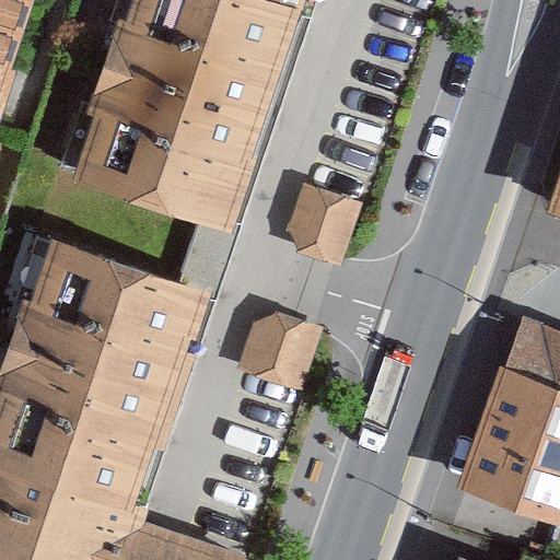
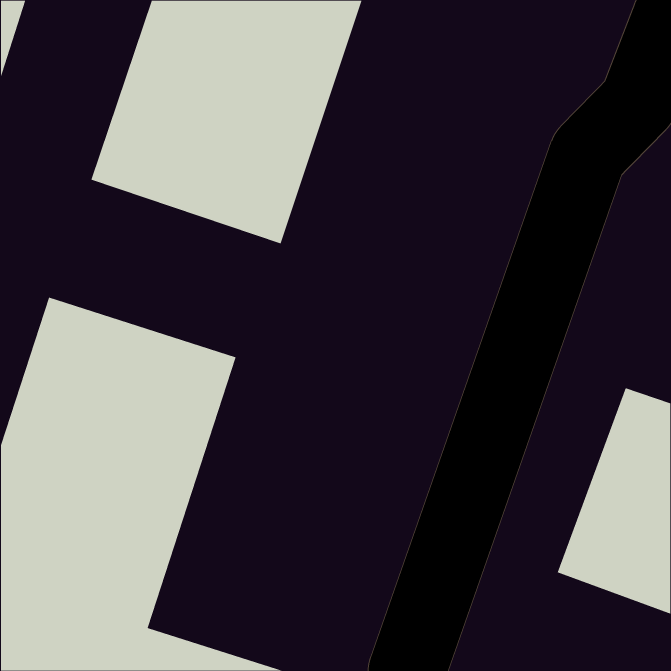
building: [291,188,362,267] -> none
building: [238,313,322,388] -> none

